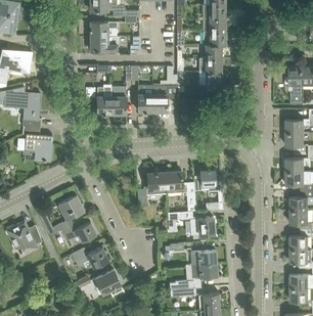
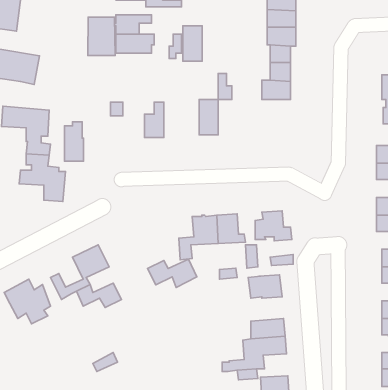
building: none -> [88,17,115,55]
building: [96,84,110,114] -> [64,122,84,161]
building: [137,85,151,111] -> [183,26,202,61]
building: [71,246,107,268] -> [148,259,197,288]
building: [91,269,123,297] -> none

